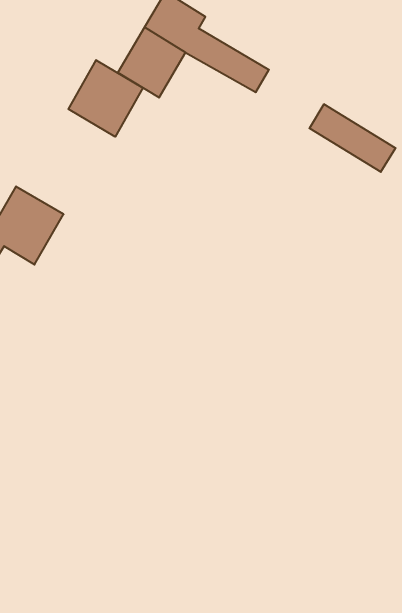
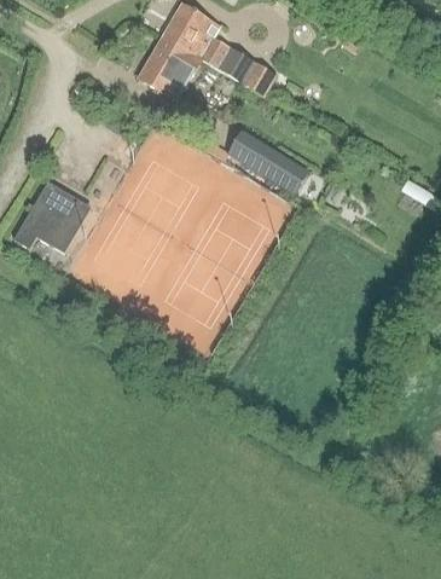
building: [68,60,143,137] -> none
building: [309,104,396,172] -> [230,131,308,192]

